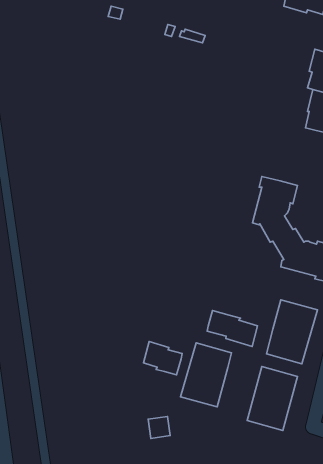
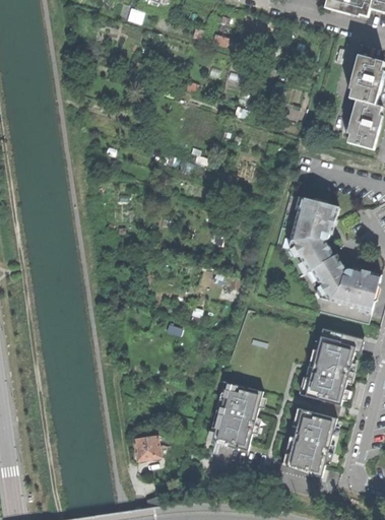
building: [207,311,258,346] -> none
building: [144,342,182,375] -> none
building: [148,416,170,438] -> [134,435,158,459]

